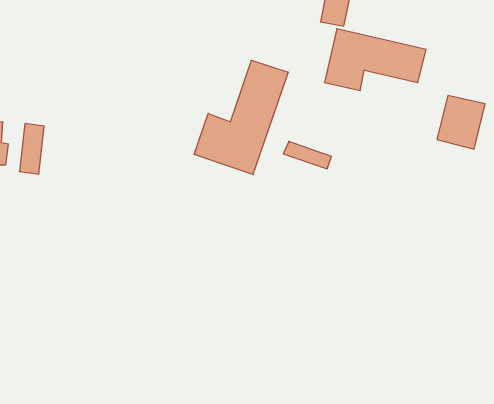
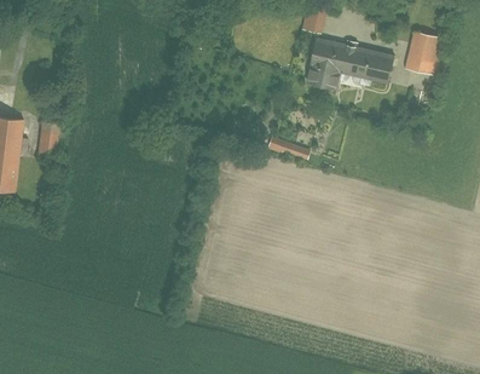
building: [194,60,288,175] -> none
building: [437,96,485,149] -> [404,30,446,77]

